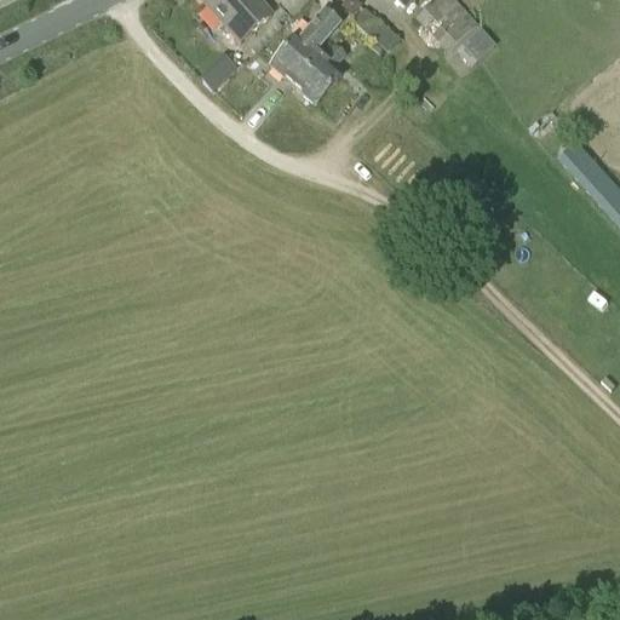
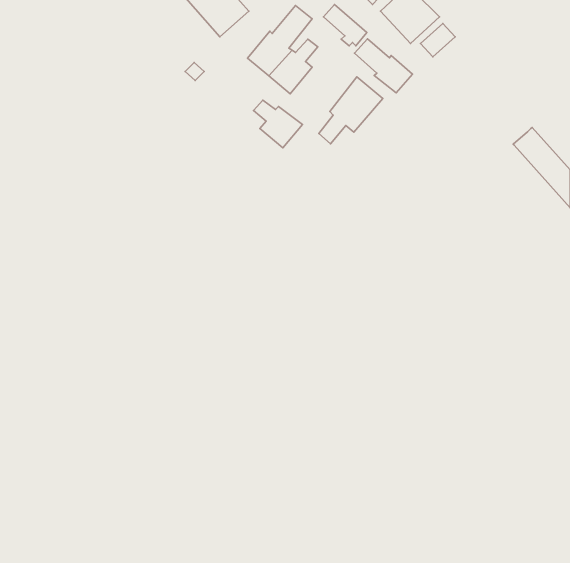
building: none -> [355,39,412,93]
building: none -> [319,77,383,144]
building: none -> [254,100,302,148]

